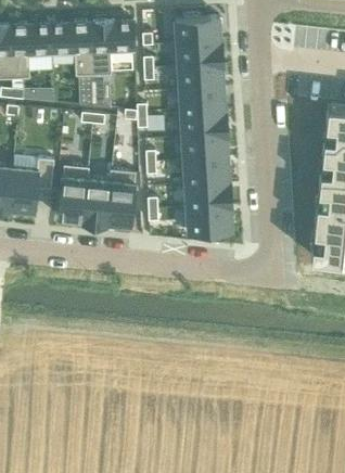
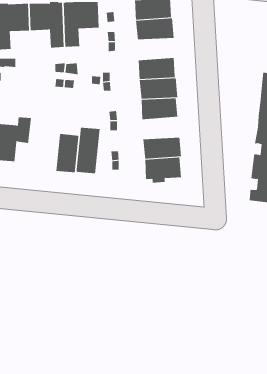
building: [178,65,222,91] -> none
building: [183,158,229,184] -> none
building: [58,165,87,222] -> none

